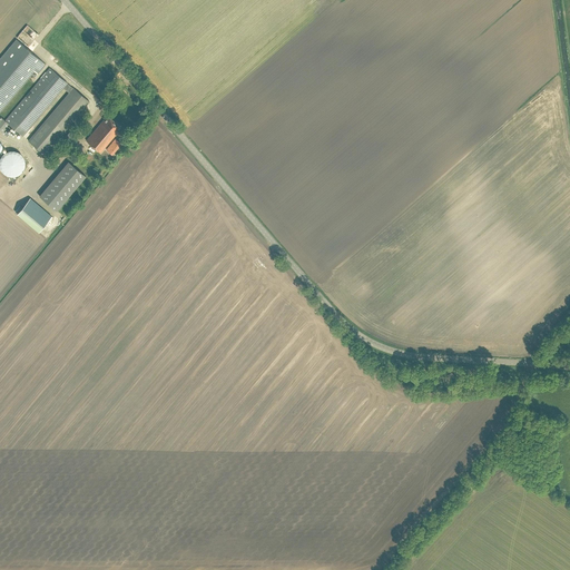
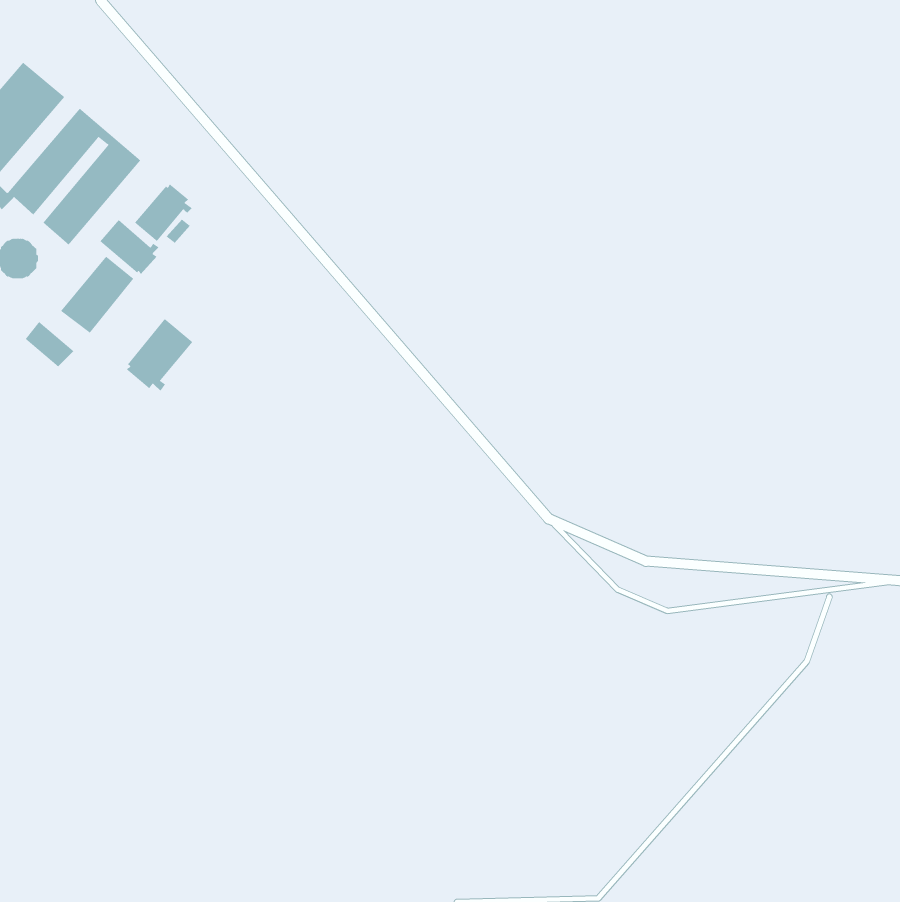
building: none -> [99,219,159,275]
building: none -> [126,318,193,392]

